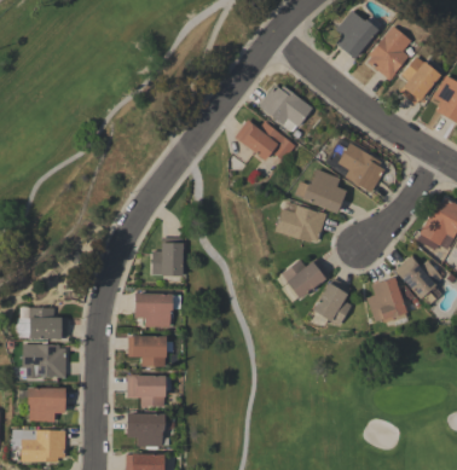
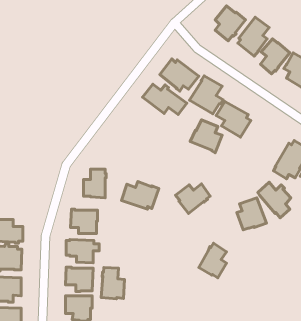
building: none -> [189,76,223,114]
building: [274,204,326,243] -> [121,181,159,209]
building: [312,277,351,325] -> [199,243,226,278]
building: none -> [101,268,125,299]

